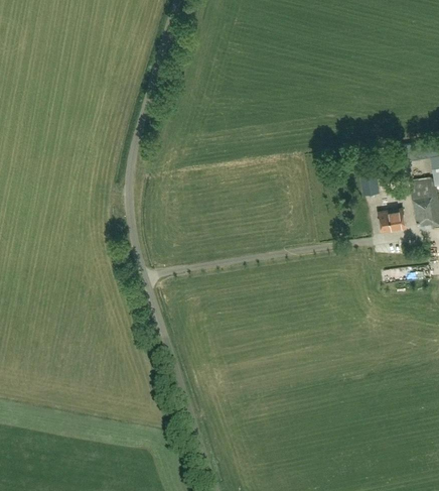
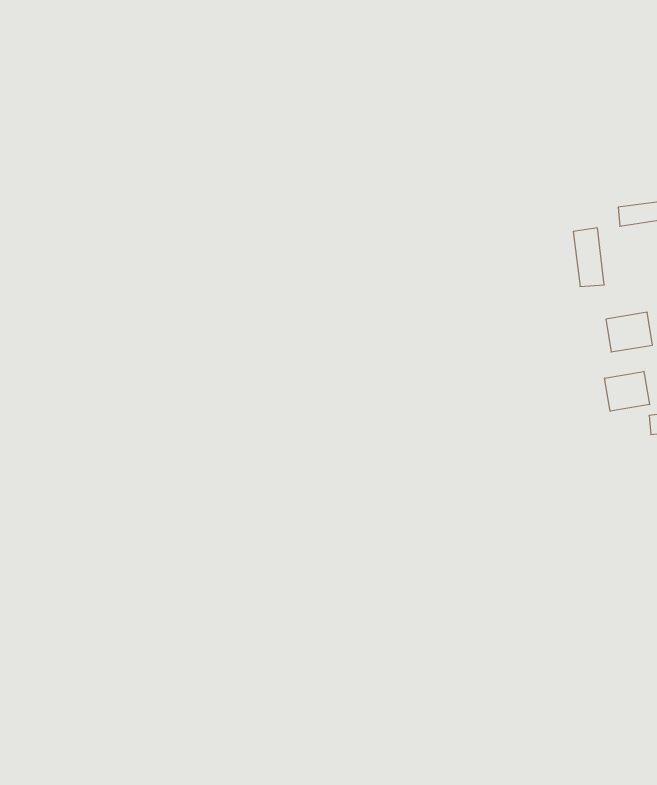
building: none -> [605,371,650,411]

